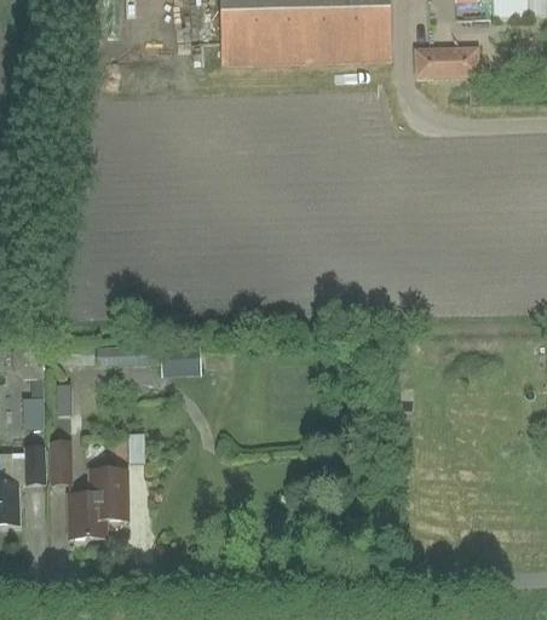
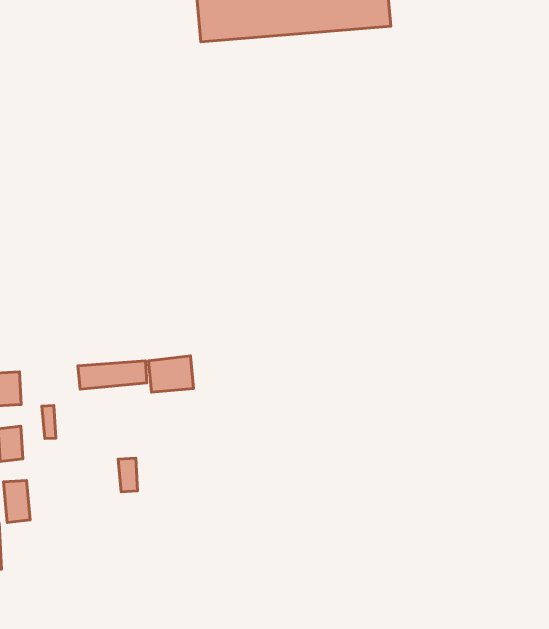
building: [414,46,479,79] -> none
building: [48,438,71,482] -> none
building: [68,469,127,539] -> none

